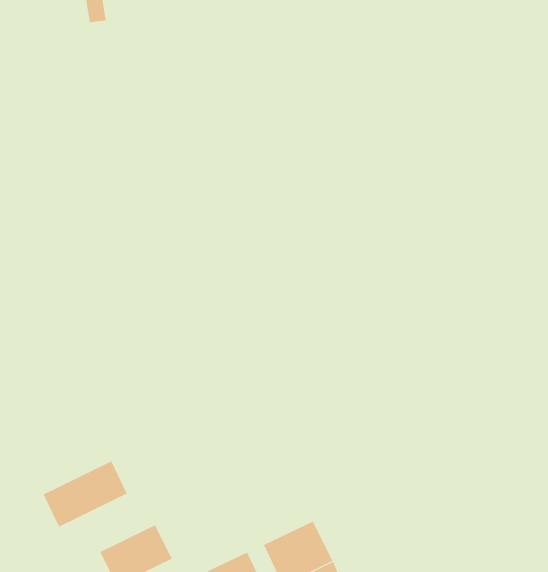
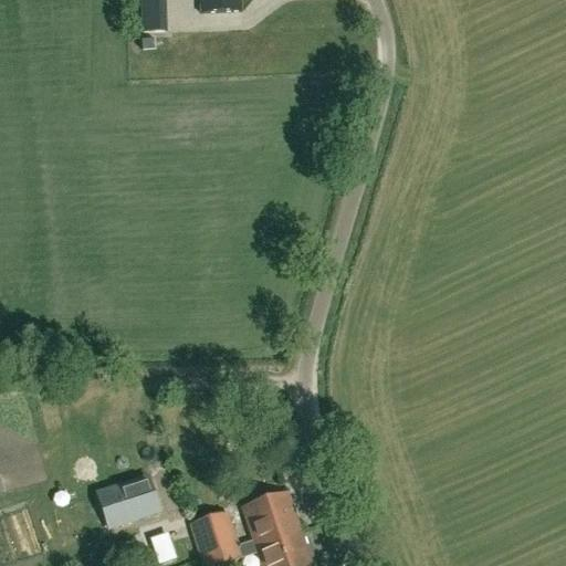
building: [43,461,128,527] -> none

